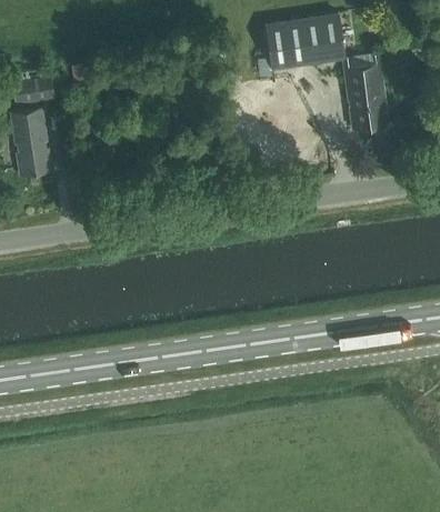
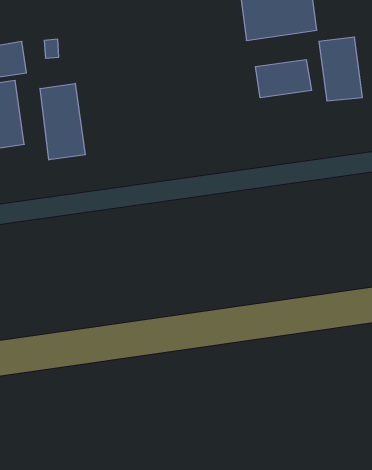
building: none -> [256,60,312,98]
building: none -> [40,83,85,160]

